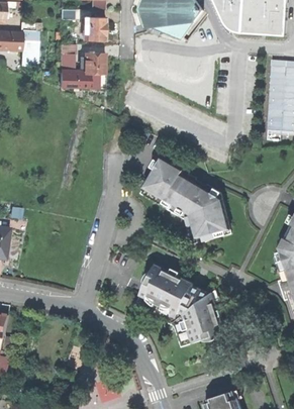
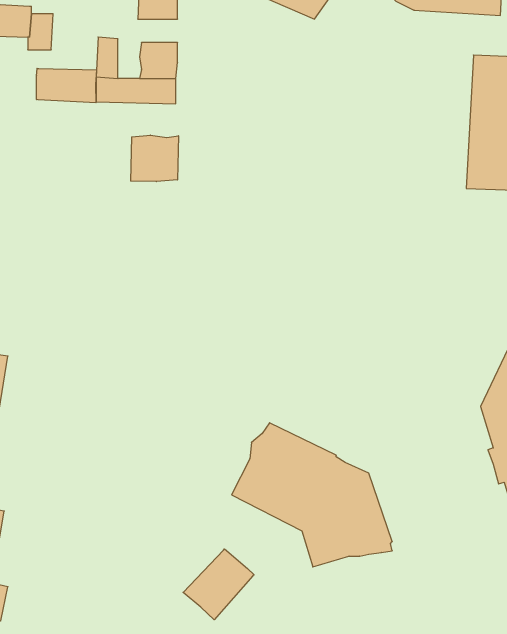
building: none -> [37,68,97,103]
building: none -> [131,135,178,182]
building: [140,156,231,243] -> none
building: none -> [183,549,254,620]

